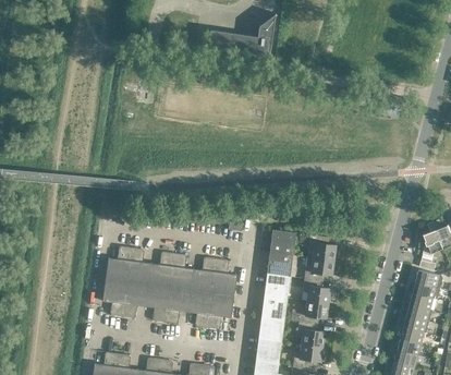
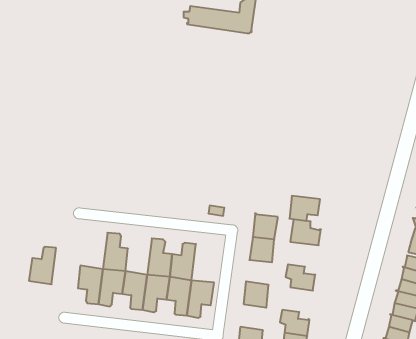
building: [105,246,131,282] -> [29,247,56,284]
building: [148,252,173,288] -> none
building: [304,256,333,280] -> [289,196,320,221]
building: [211,258,236,295] -> none
building: [264,274,289,298] -> none
building: [298,300,328,324] -> none
building: [258,316,283,341] -> none

